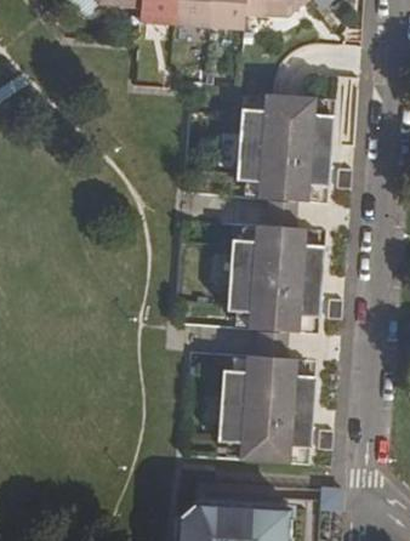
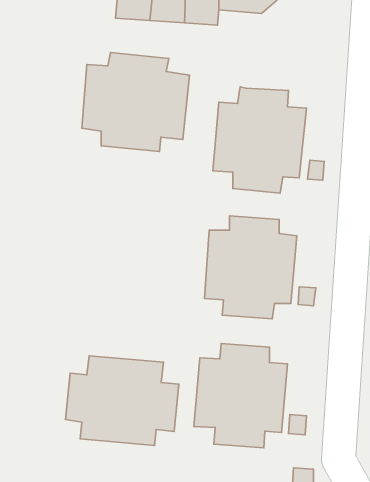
building: none -> [82,53,190,151]
building: none -> [66,356,179,445]

